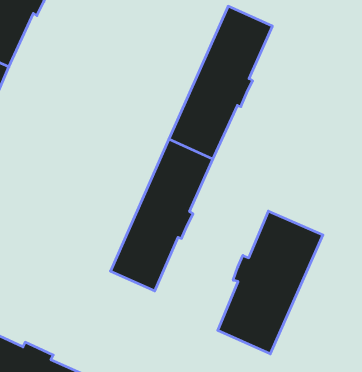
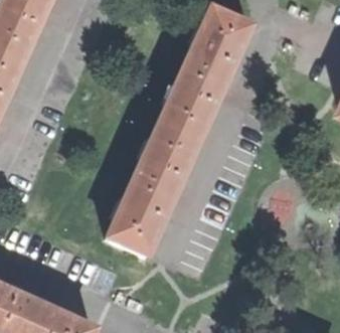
building: [218,211,323,354] -> none

